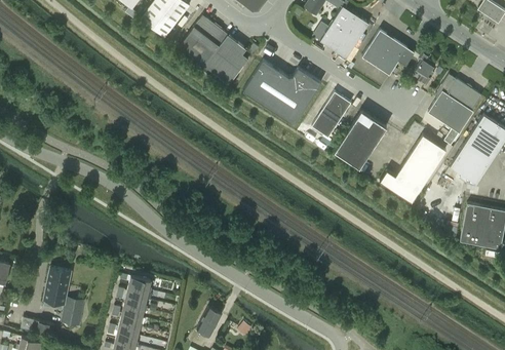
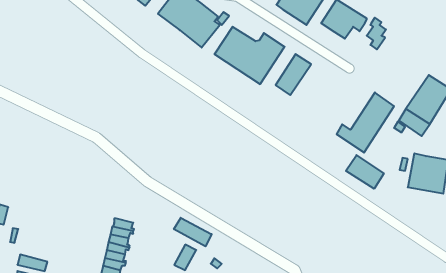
building: [427,77,480,142] -> none
building: [334,110,386,168] -> none
building: none -> [346,155,384,189]
building: [43,267,83,326] -> none
building: none -> [174,218,212,246]

